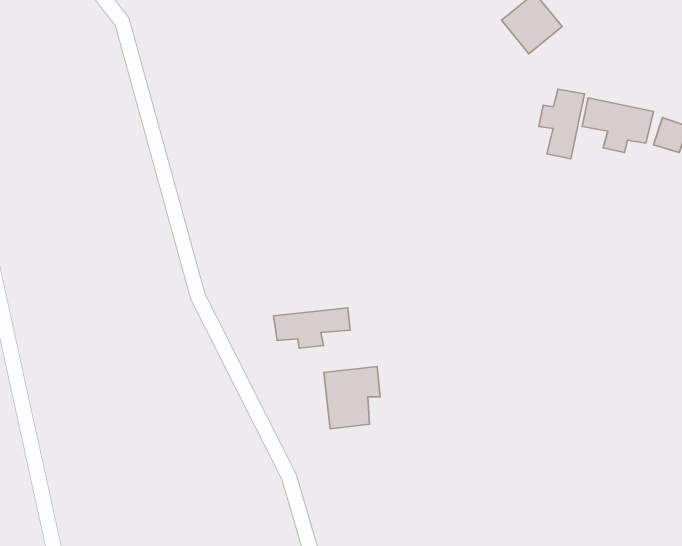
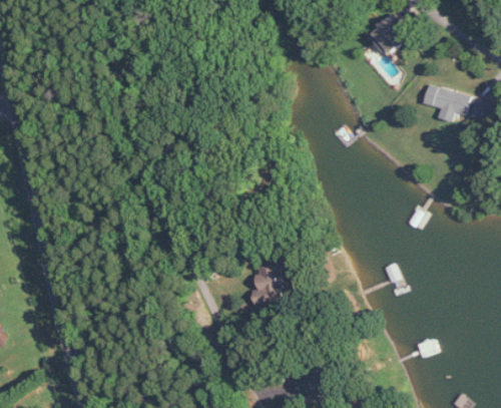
building: [539,89,585,159] -> none
building: [273,308,350,348] -> none

